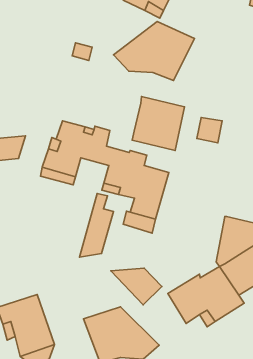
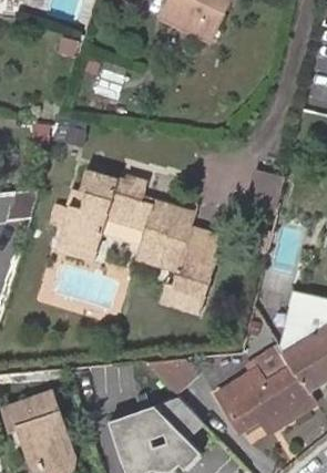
building: [113,21,195,80] -> none
building: [132,97,184,151] -> none
building: [80,193,113,257] -> none

